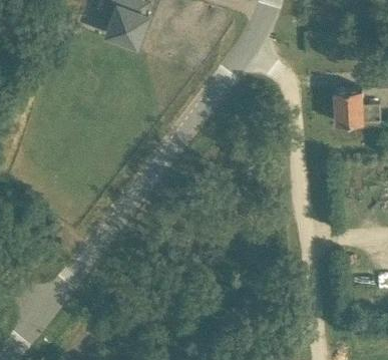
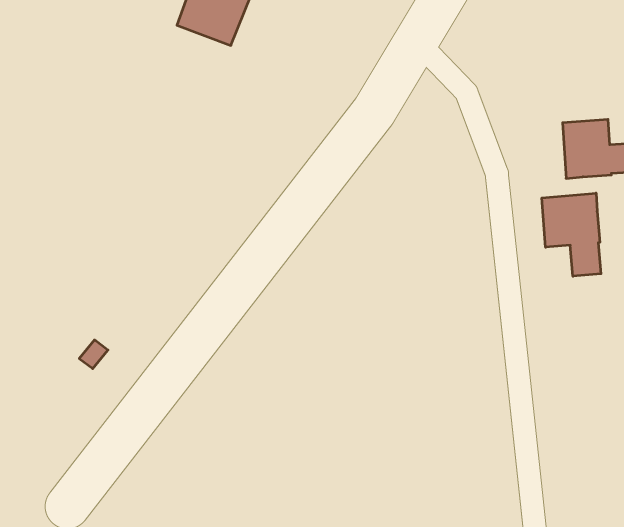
building: none -> [542,193,601,276]

